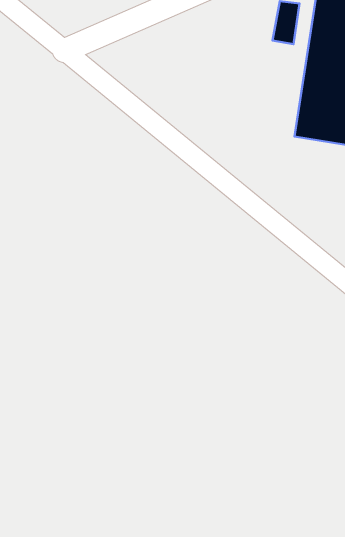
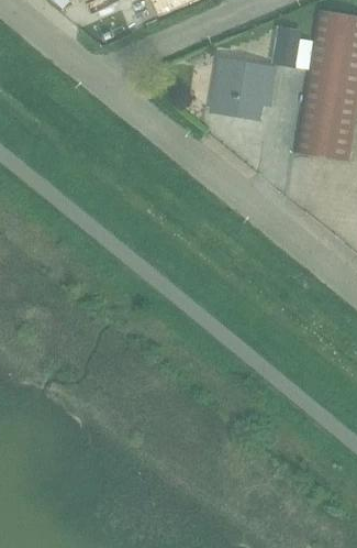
building: none -> [215,61,277,117]

